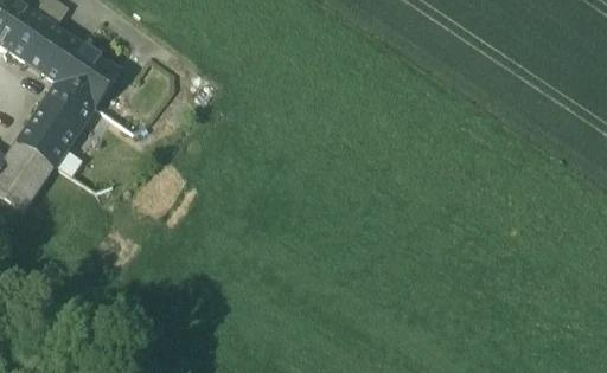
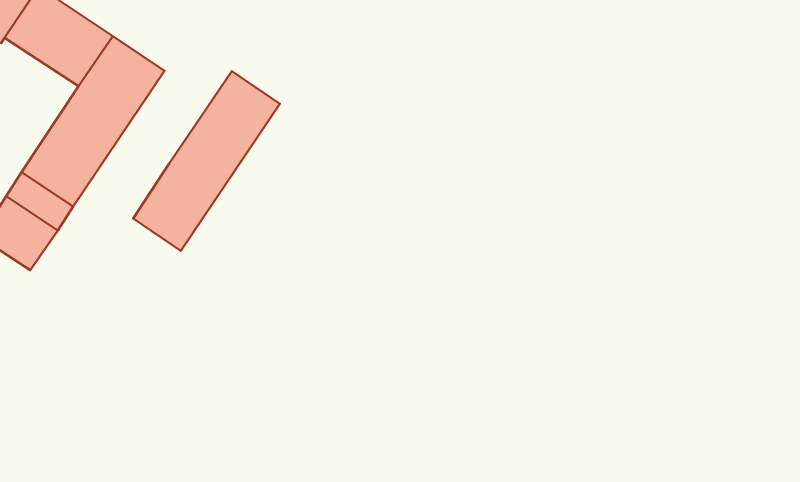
building: none -> [133,71,280,251]

